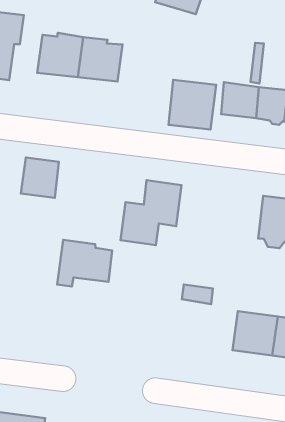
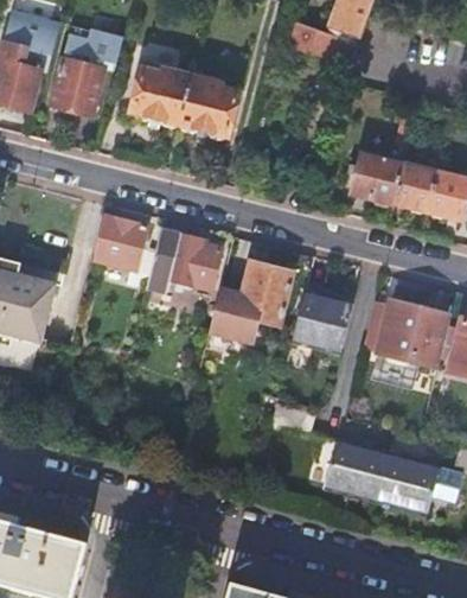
building: [169,80,216,129] -> none
building: none -> [290,287,351,354]
building: [57,240,112,286] -> [146,229,219,288]

